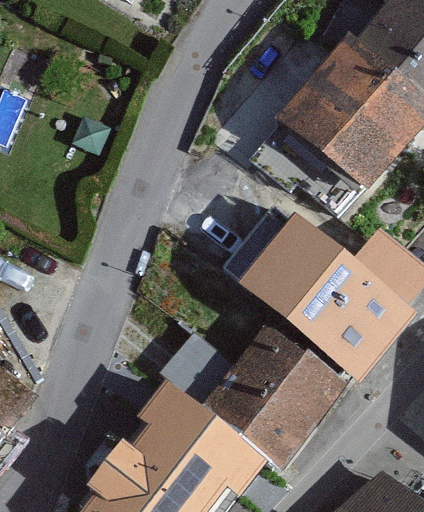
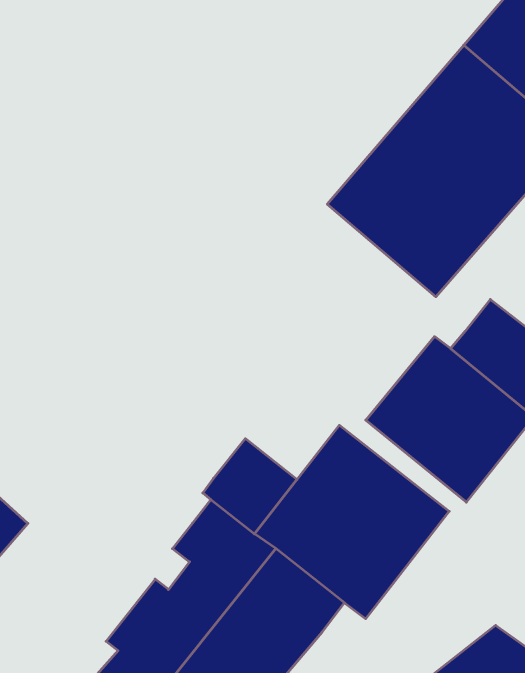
building: [222,205,336,318] -> none

